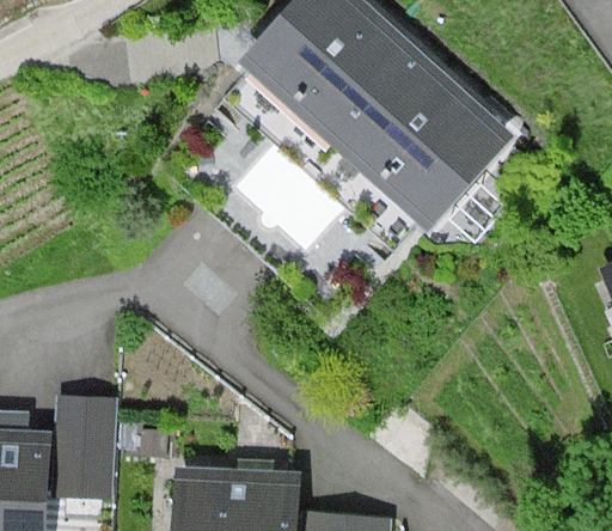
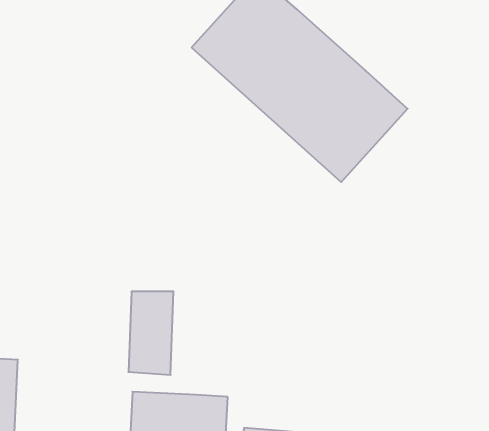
building: [59,397,112,496] -> [128,292,174,375]

